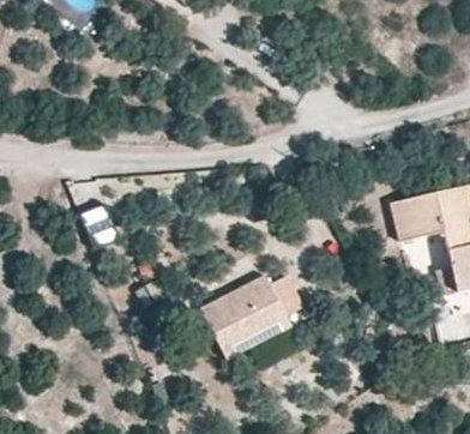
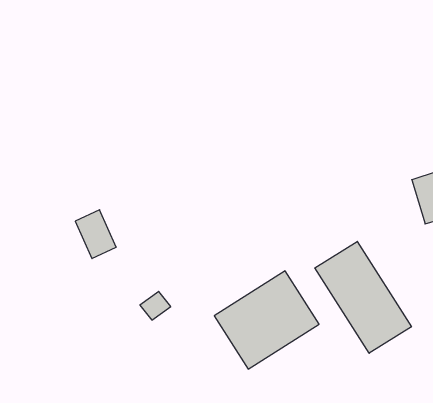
building: none -> [315,241,411,353]

